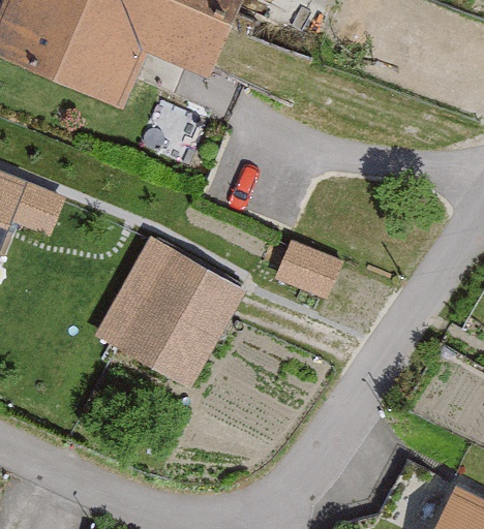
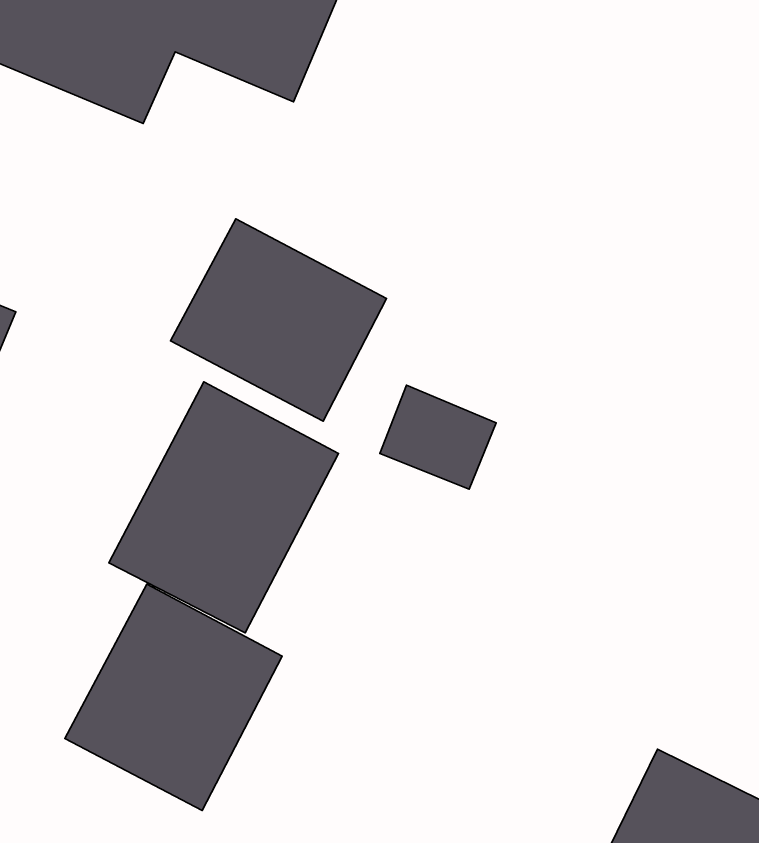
building: none -> [170,219,387,421]
building: none -> [65,584,282,811]

